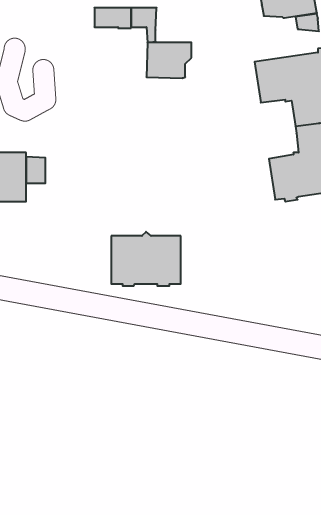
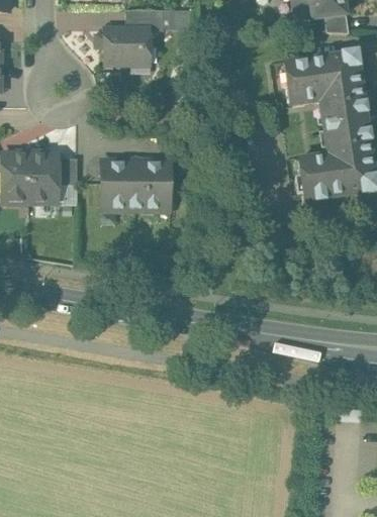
building: [146,42,191,78] -> [104,28,149,64]
building: [111,232,181,286] -> [101,157,170,210]

